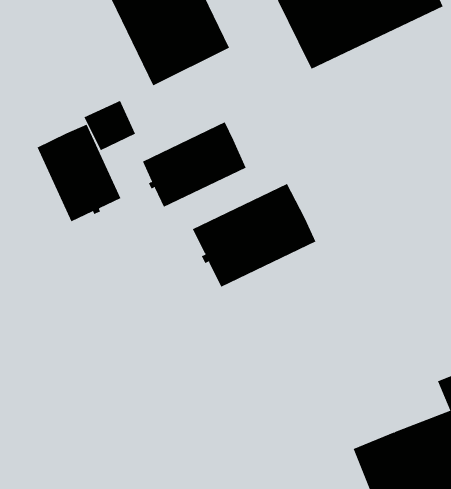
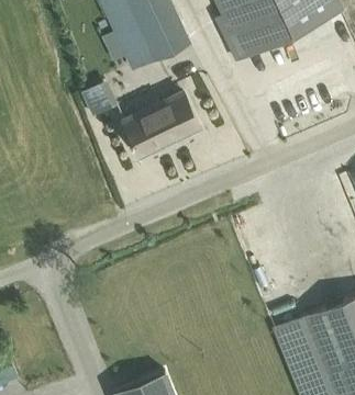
building: [37,124,121,222] -> none
building: [192,183,316,287] -> none

